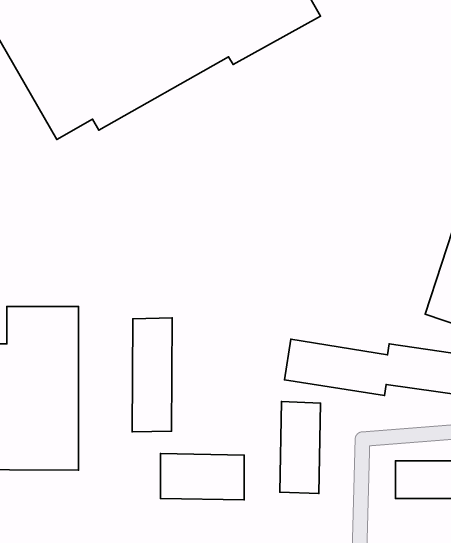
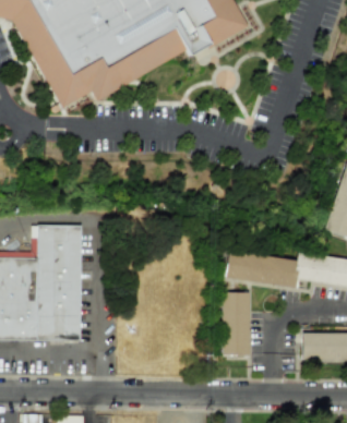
building: [132,318,172,432] -> none
building: [160,454,244,500] -> none

